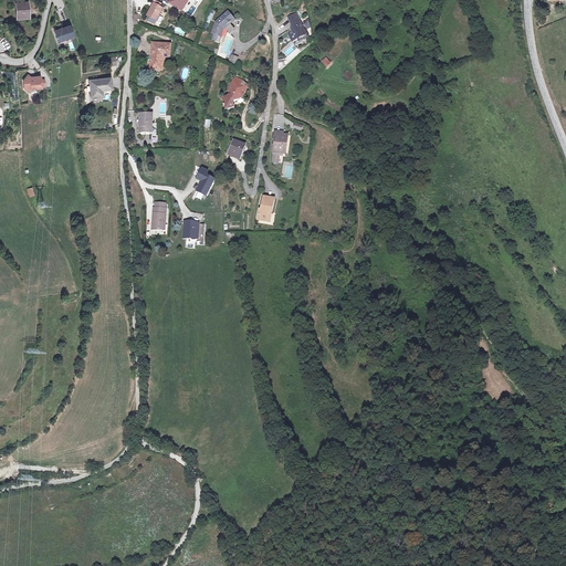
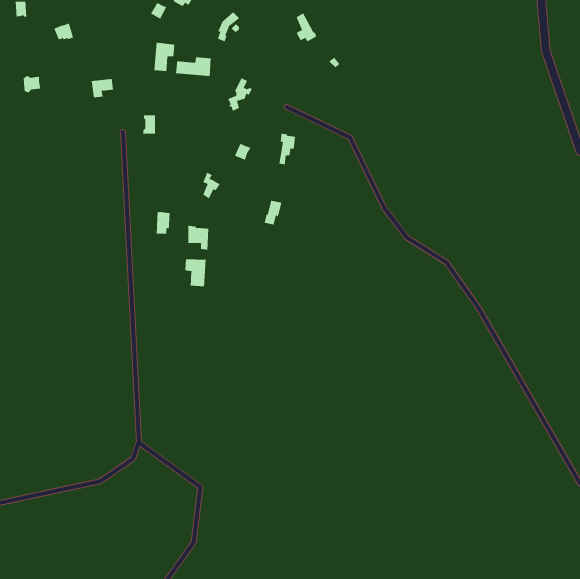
building: none -> [176,57,211,77]
building: none -> [185,259,206,287]

